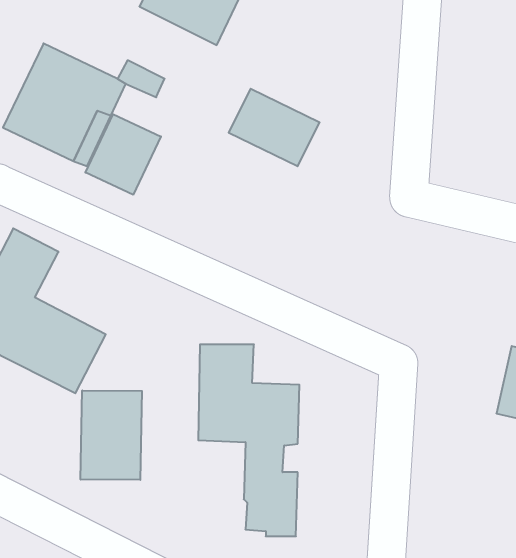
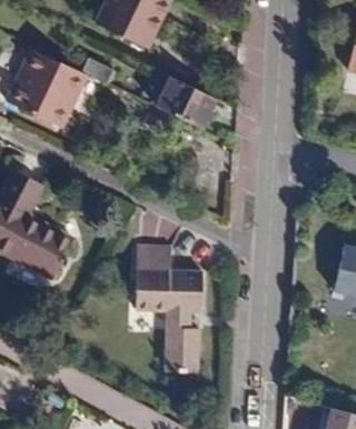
building: [85,114,161,195] -> none
building: [81,390,142,480] -> none

